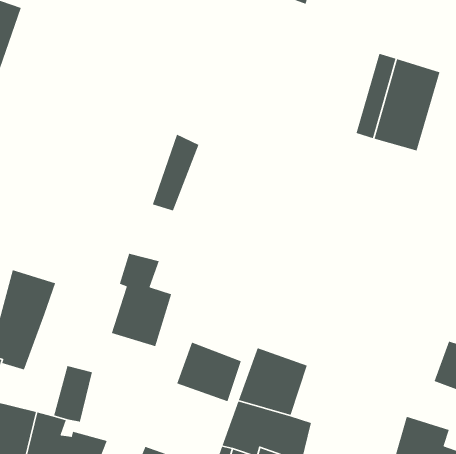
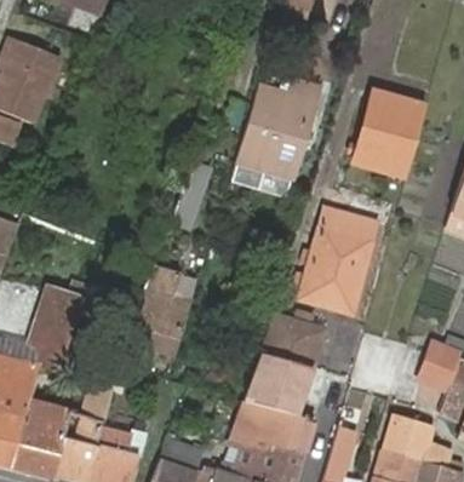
building: none -> [233,79,316,183]
building: none -> [302,211,374,314]
building: [176,341,242,402] -> [264,315,322,368]

